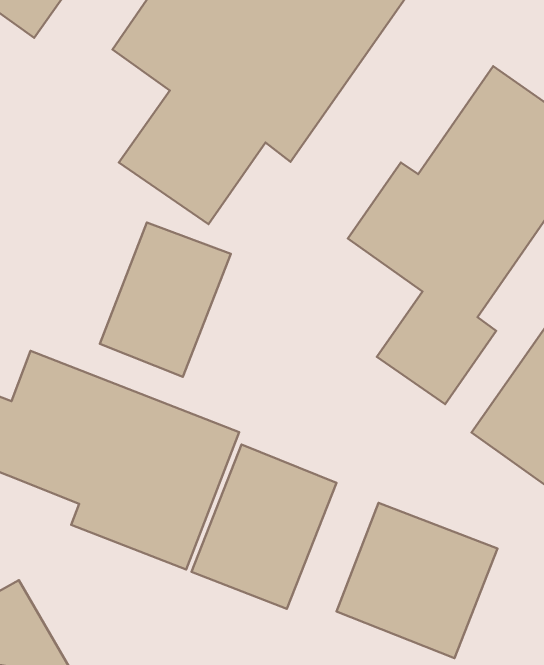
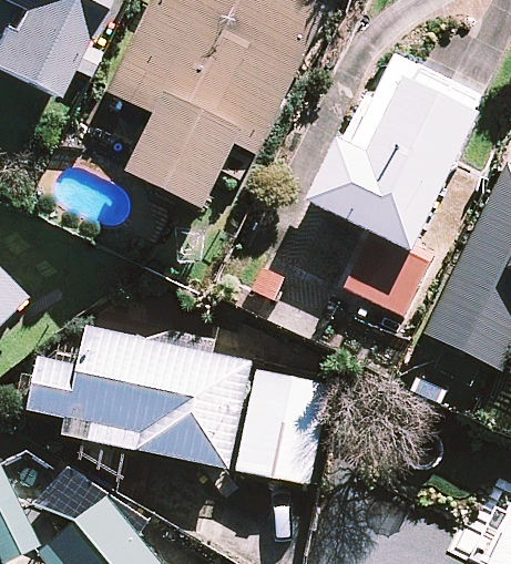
building: [100,222,231,377] -> none
building: [336,503,497,658] -> none

